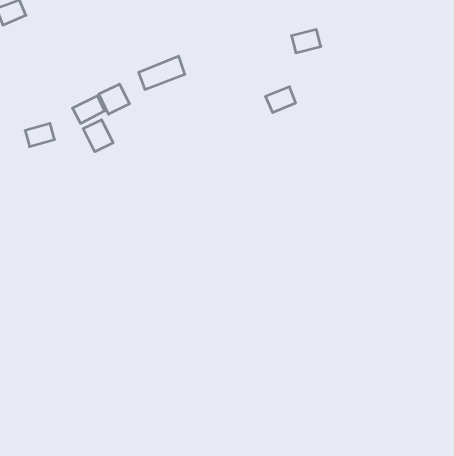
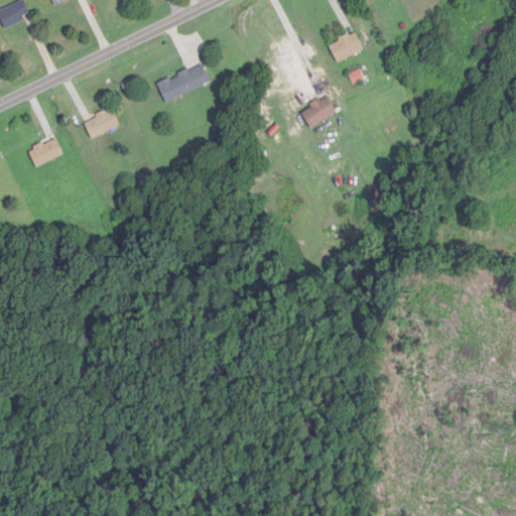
building: [99,84,130,114] -> none
building: [83,120,113,152] -> none

